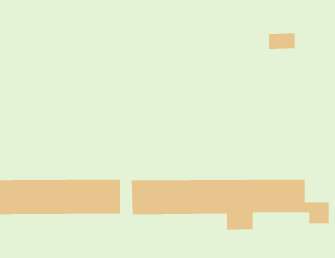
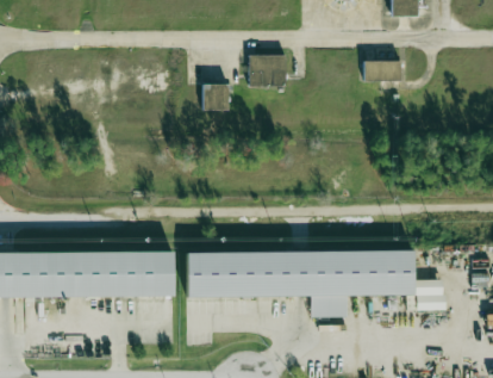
building: none -> [249,54,287,87]
building: none -> [204,83,230,110]

